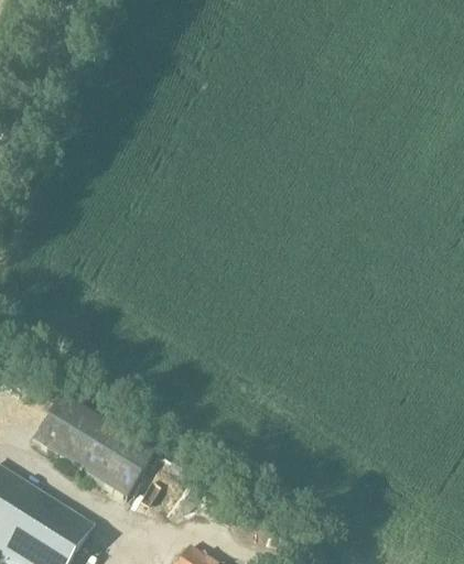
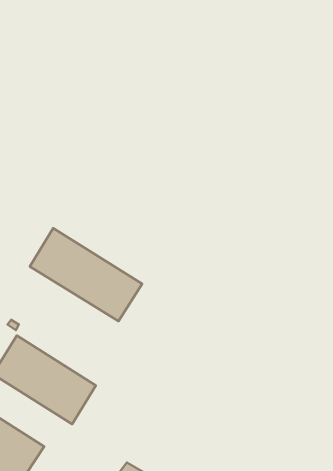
building: none -> [30,228,142,321]

